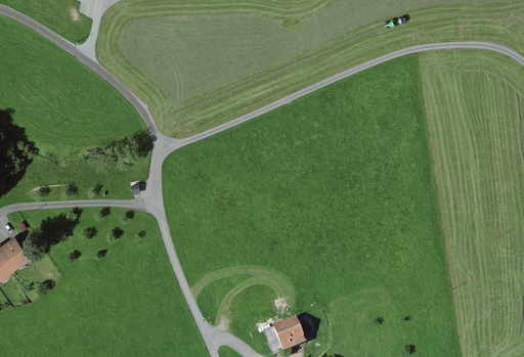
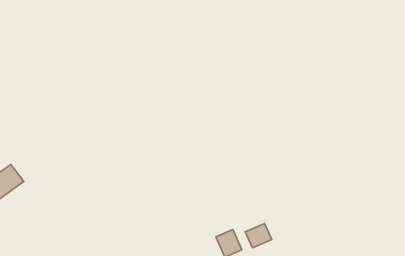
building: none -> [245,223,272,248]

